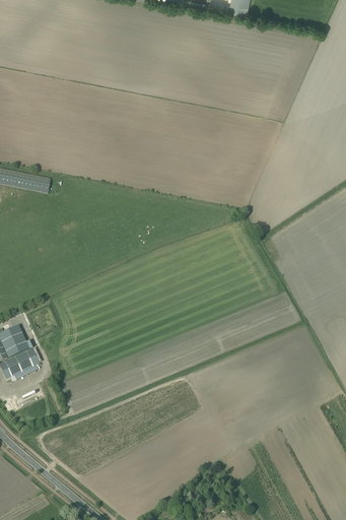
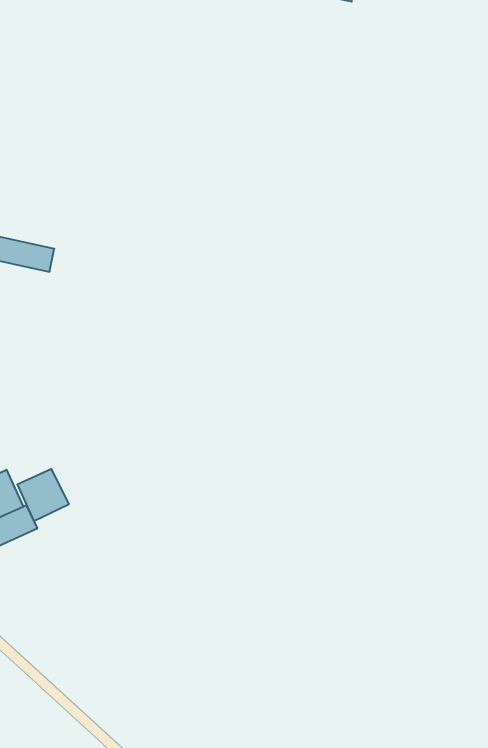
building: none -> [17,469,69,521]

